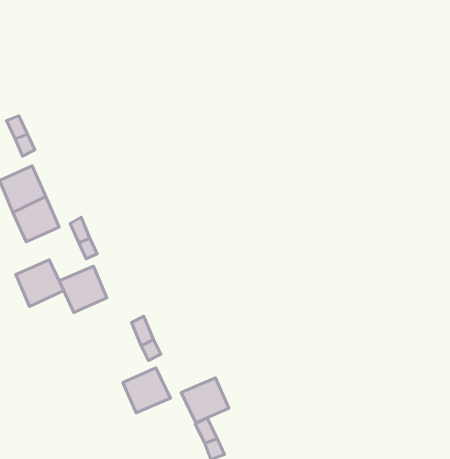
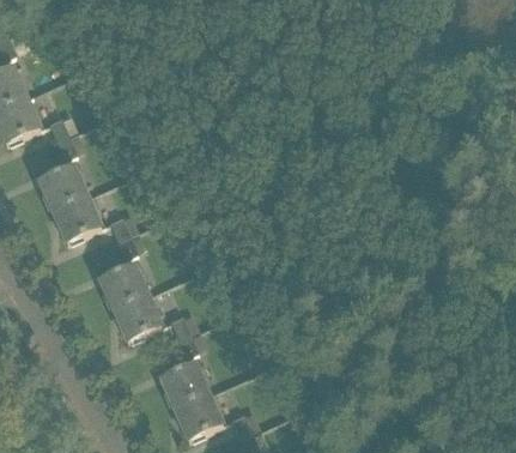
building: [16,260,64,306] -> [114,294,160,339]
building: [181,378,229,423] -> [175,392,221,436]

